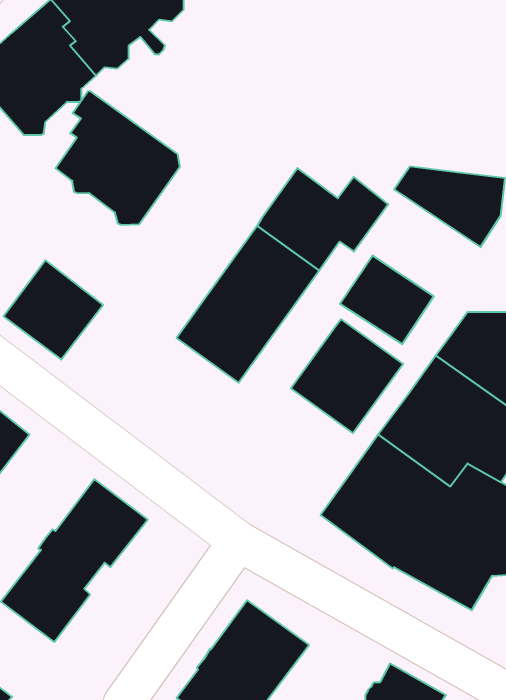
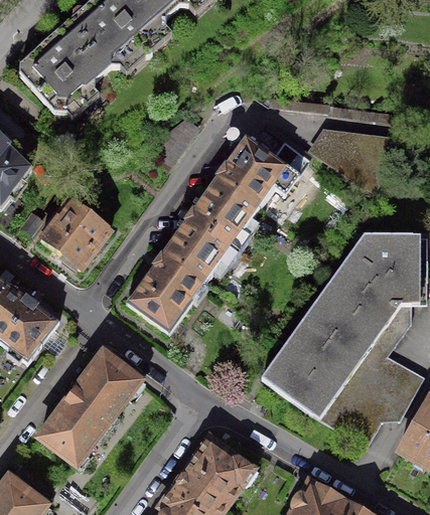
building: [55,91,180,225] -> none
building: [340,255,434,344] -> none
building: [291,319,403,433] -> [125,252,203,332]

